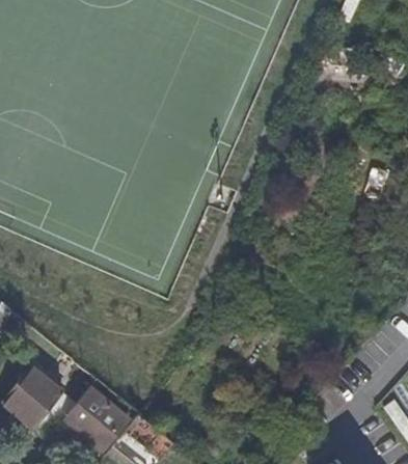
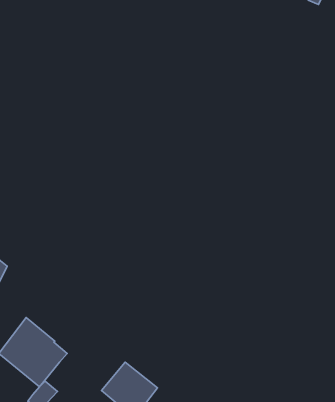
building: [67,387,128,449] -> none

